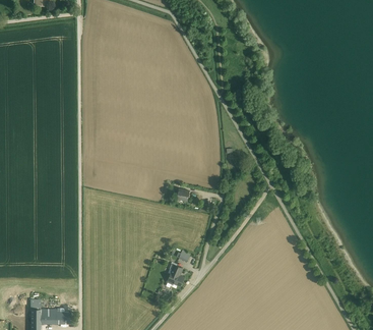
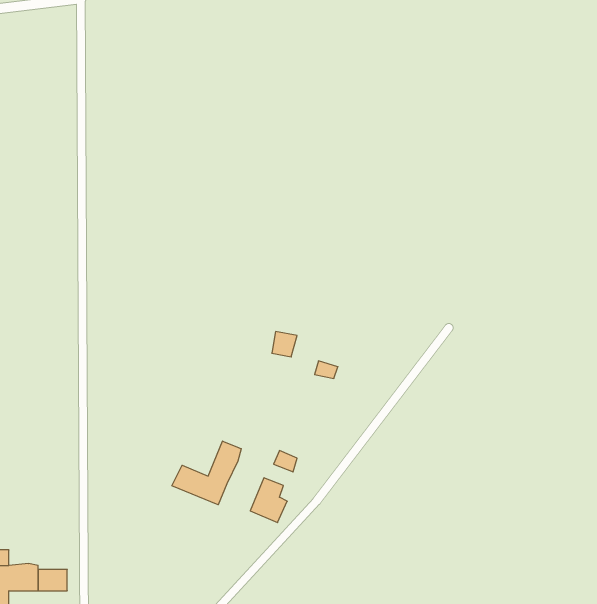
building: none -> [172,441,241,505]

